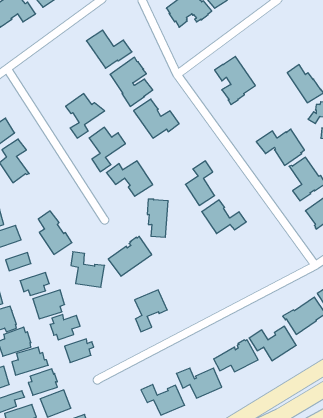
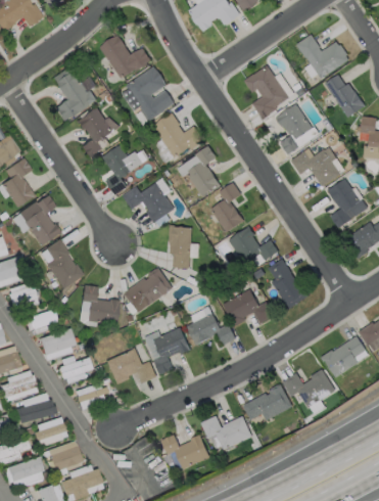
building: none -> [296,35,348,79]
building: none -> [52,69,96,122]
building: none -> [276,104,319,155]
building: none -> [185,146,219,195]
building: none -> [18,195,59,245]
building: none -> [268,259,309,309]
building: none -> [223,290,274,326]
building: none -> [188,313,236,346]
building: none -> [105,348,156,384]

